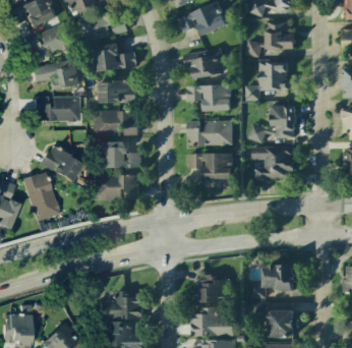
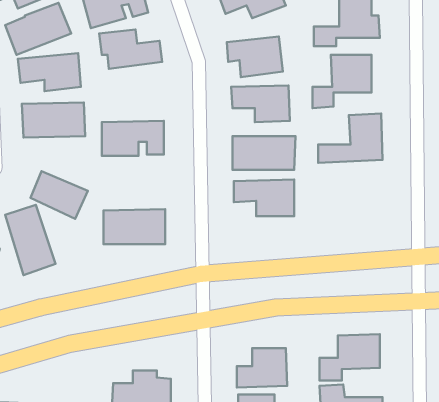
building: [100,80,138,103] -> none
building: [99,141,141,168] -> none
building: [253,147,295,183] -> none

